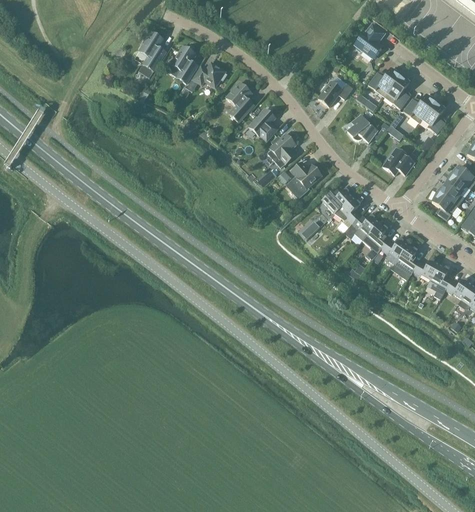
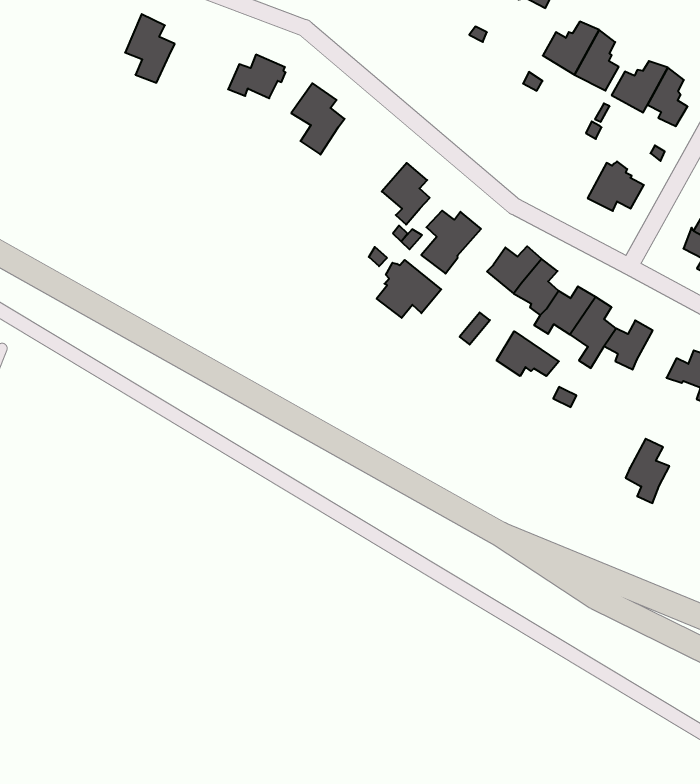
building: [171,46,197,83] -> none
building: [318,81,353,106] -> none
building: [248,108,275,141] -> none
building: [347,114,377,142] -> none
building: none -> [377,260,441,318]
building: none -> [497,331,559,376]
building: [394,244,419,280] -> [626,439,669,503]

